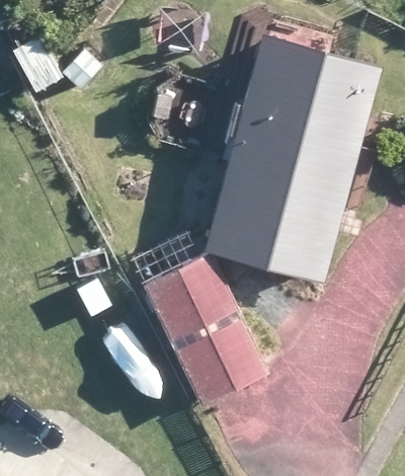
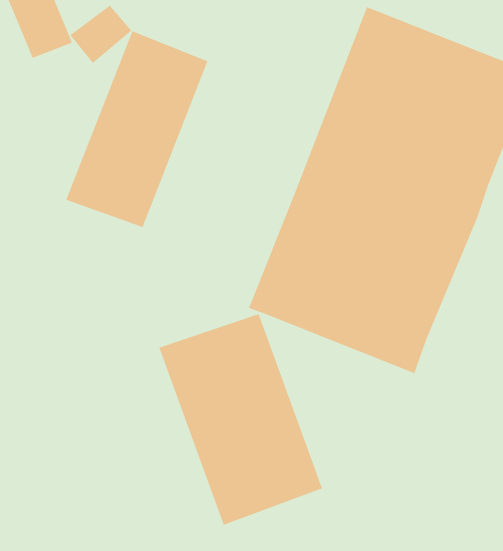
building: none -> [66,30,208,228]

